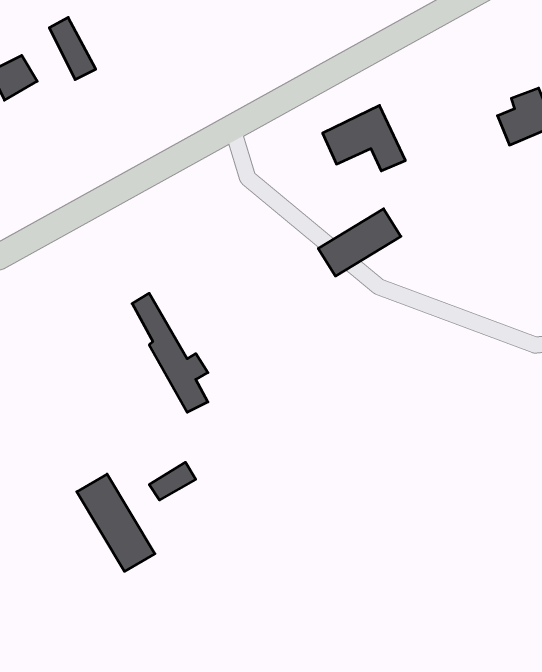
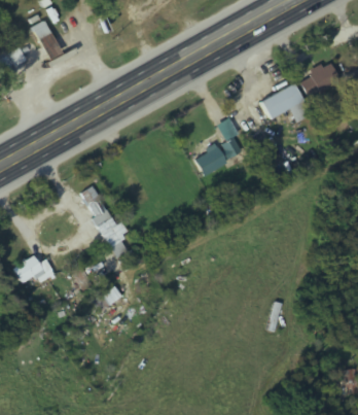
building: [323,105,405,171] -> [260,82,310,122]
building: none -> [12,254,53,284]
building: [77,474,155,571] -> none

